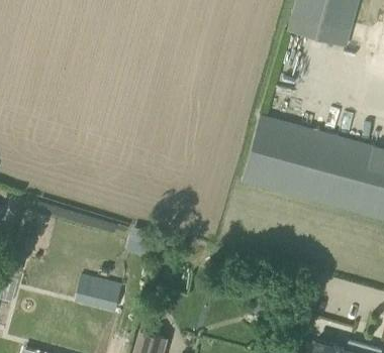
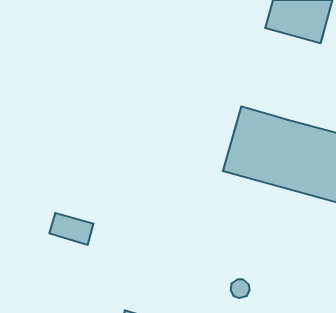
building: [76,276,122,310] -> [49,213,94,245]

